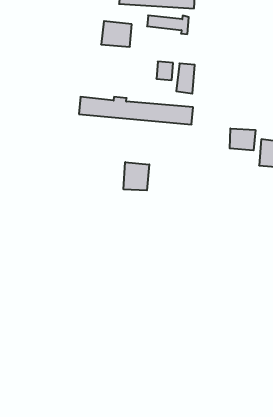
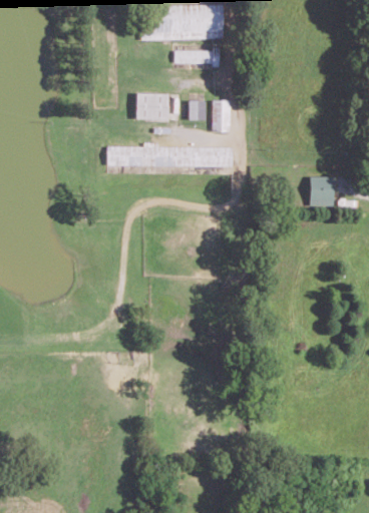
building: [101,21,132,47] -> [135,93,167,119]
building: [230,128,255,150] -> none
building: [124,162,149,190] -> none

